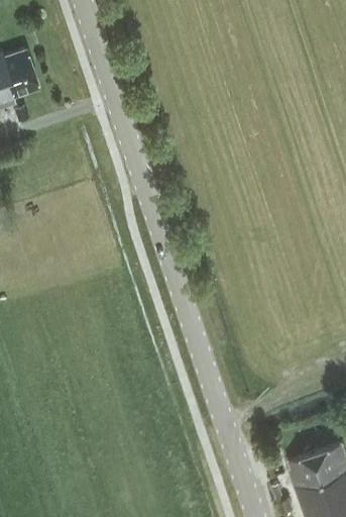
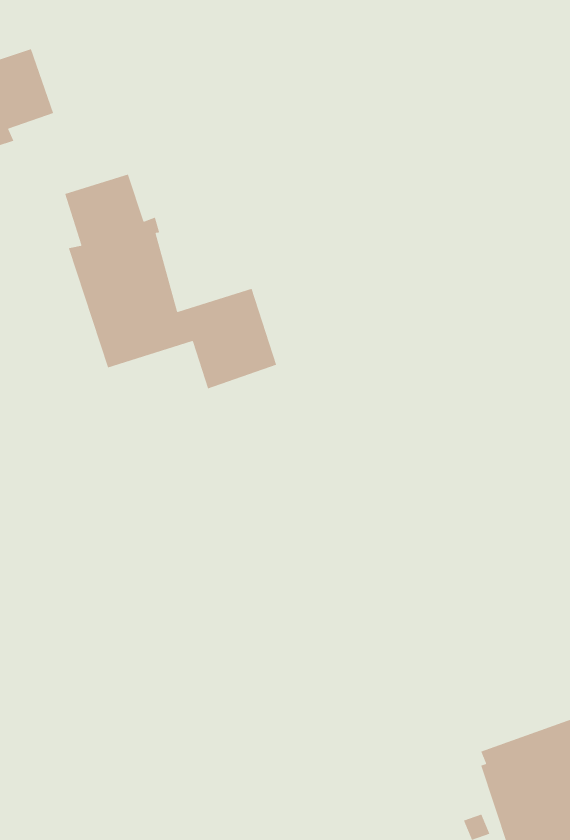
building: none -> [64,173,277,390]

